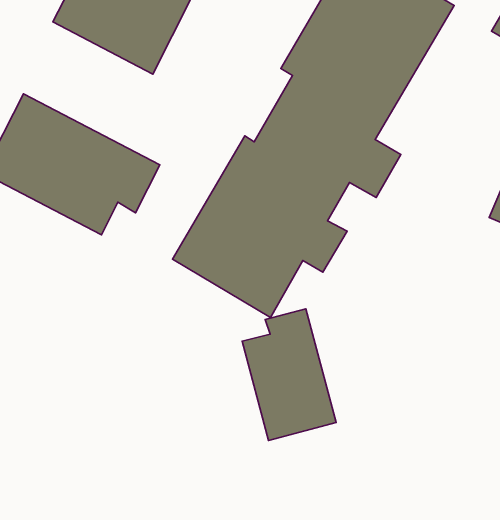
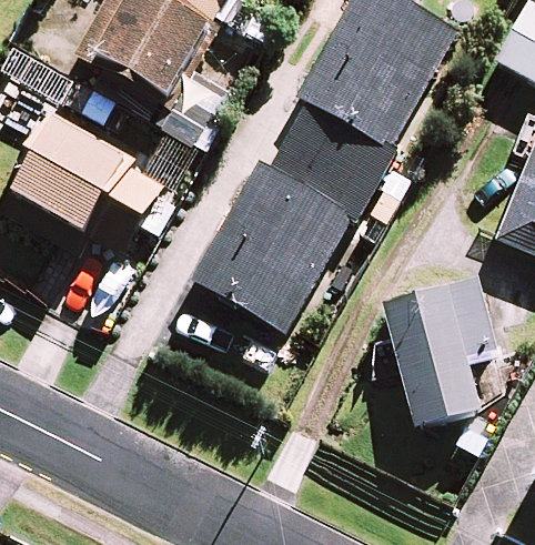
building: none -> [382,276,495,423]
building: [242,309,336,440] -> none

